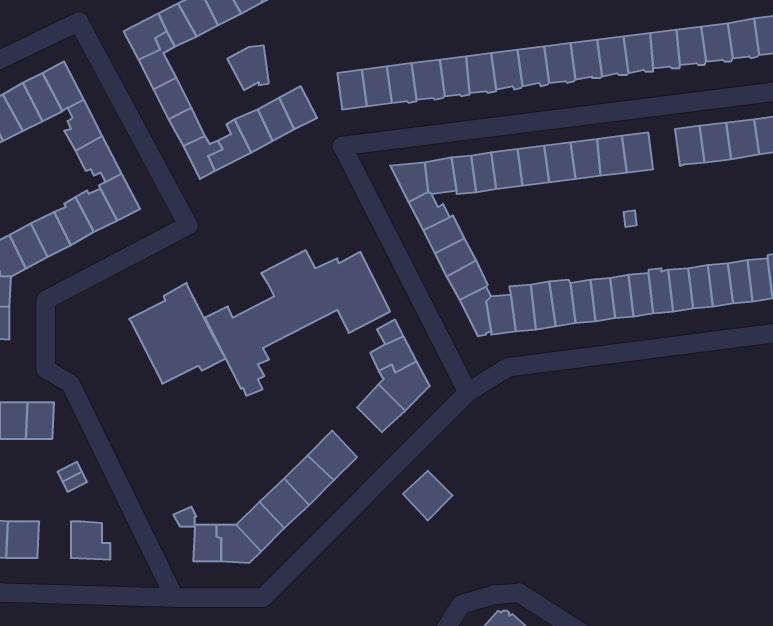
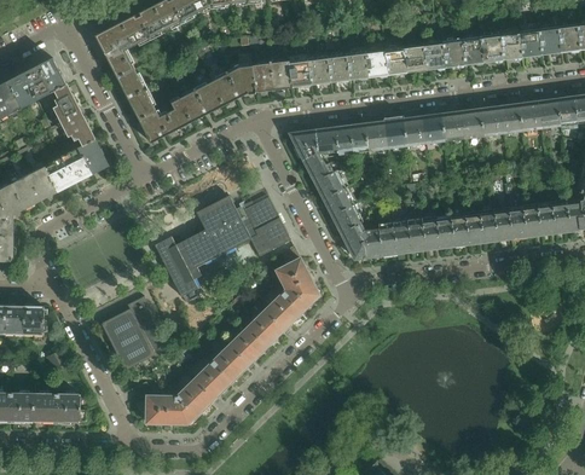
building: [227,45,269,90] -> [225,65,255,98]
building: none -> [479,106,502,135]
building: [129,283,225,384] -> [102,295,172,369]
building: [403,471,453,520] -> [248,309,284,346]
building: none -> [33,393,57,419]

